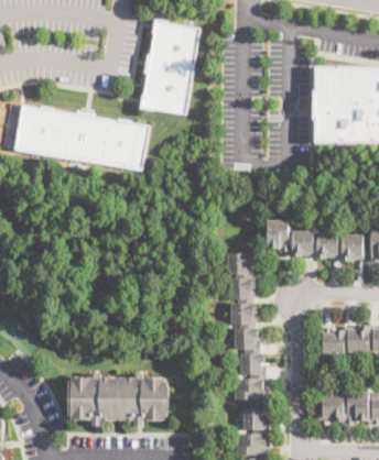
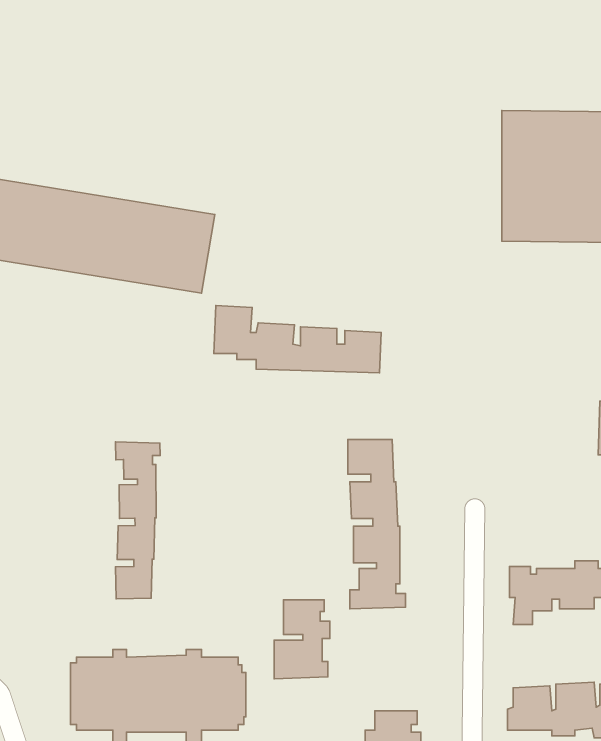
building: [141,20,201,114] -> none
building: [267,221,362,260] -> [214,306,381,373]
building: none -> [116,442,160,599]
building: [235,355,267,401] -> [274,600,330,679]

